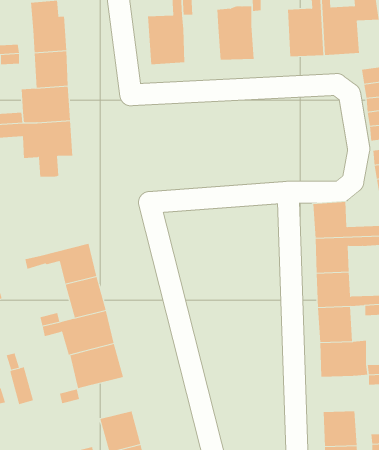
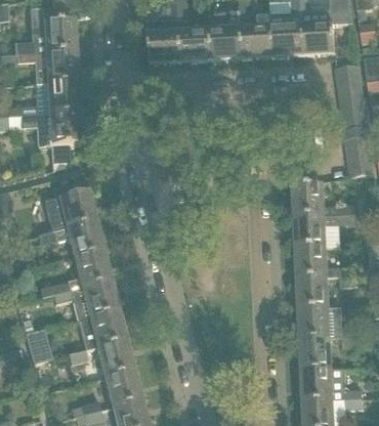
building: none -> [240,11,272,57]
building: none -> [179,29,211,60]
building: none -> [44,182,95,231]
building: none -> [300,338,331,370]
building: none -> [97,339,133,376]

